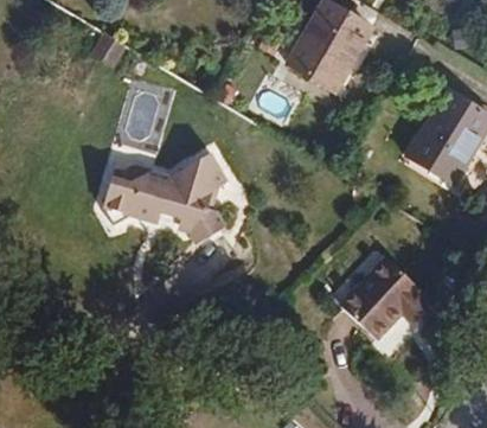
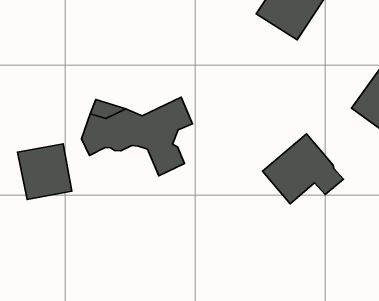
building: none -> [17,144,72,200]
building: [342,261,434,340] -> [262,134,344,204]

